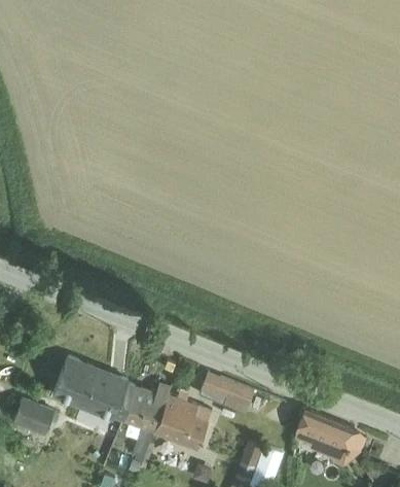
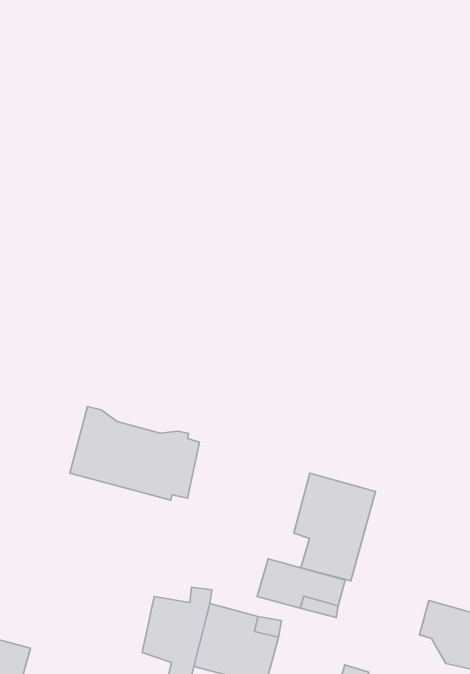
building: none -> [294,473,375,581]
building: [51,357,134,421] -> [70,406,199,500]

